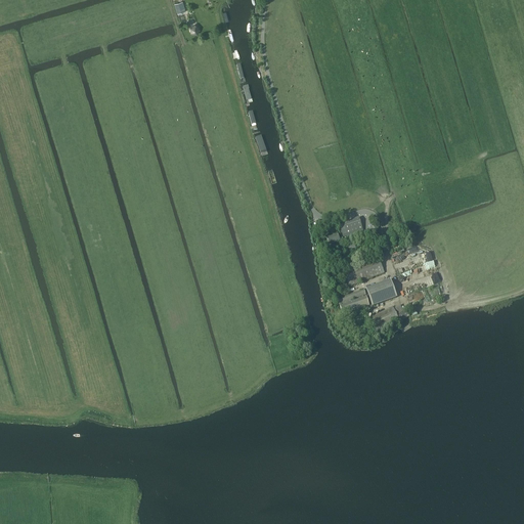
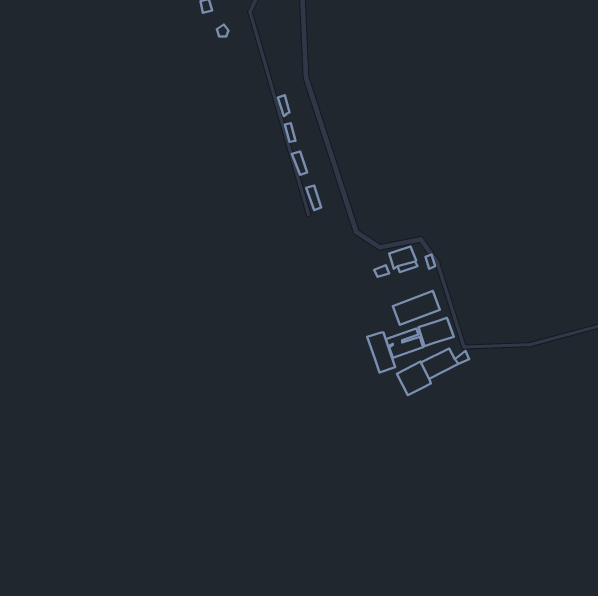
building: none -> [367,332,395,373]
building: none -> [397,361,431,395]

